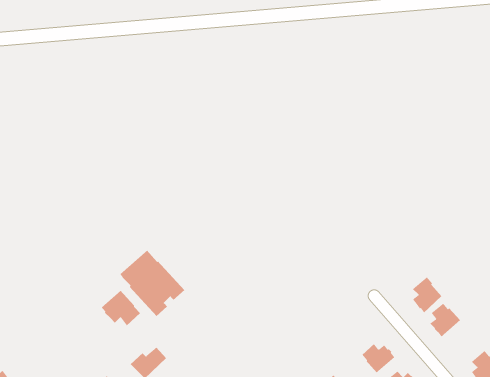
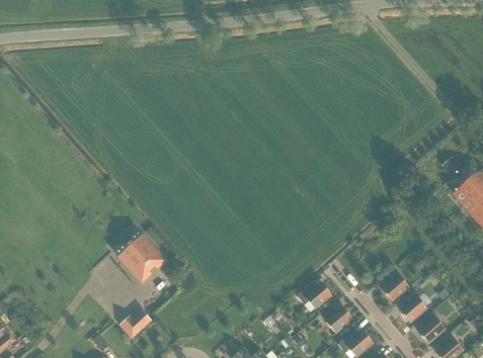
building: [412,276,442,313] -> [400,290,426,323]
building: [101,290,141,326] -> none
building: none -> [297,282,331,309]

